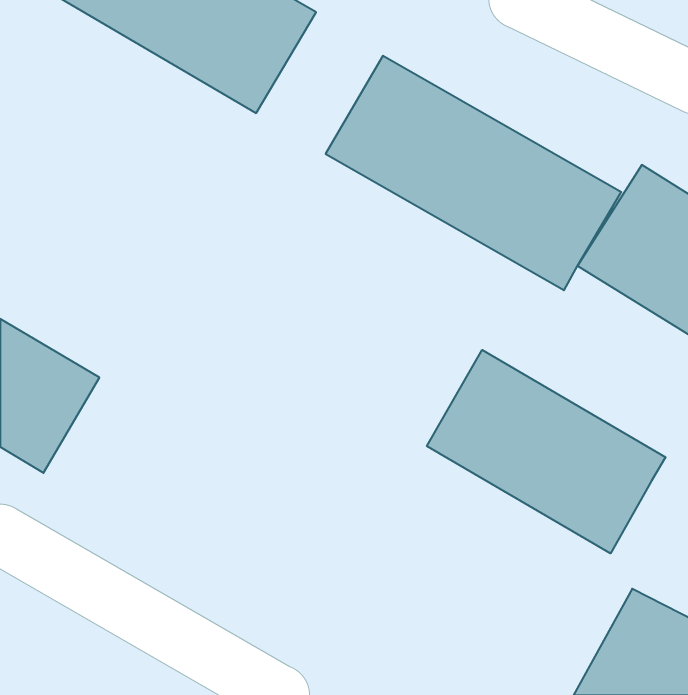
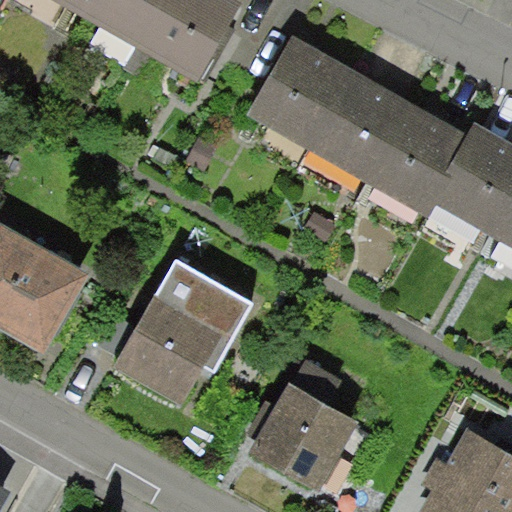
building: [427,350,666,553] -> none
building: none -> [117,259,259,402]
building: none -> [244,380,351,491]

